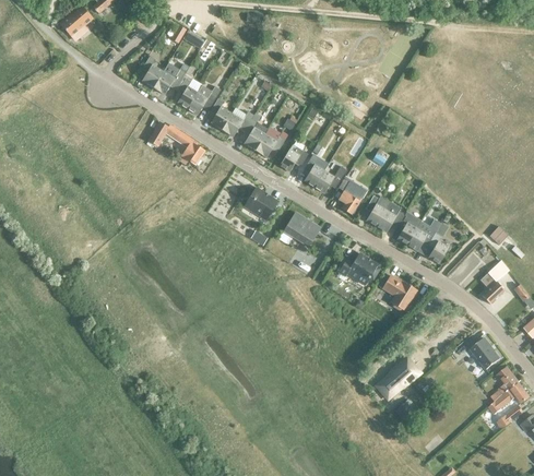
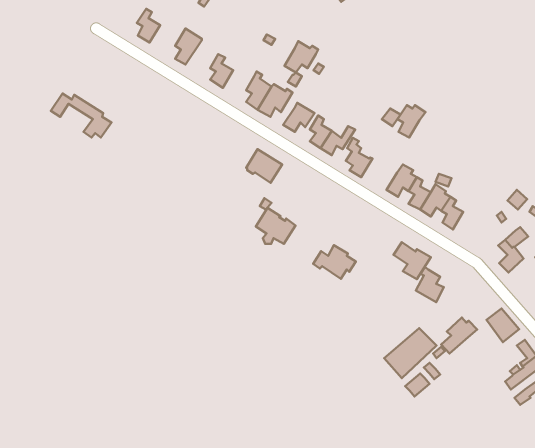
building: [153,62,186,95] -> none
building: [187,85,221,115] -> none
building: [222,107,253,136] -> [284,41,318,73]
building: [147,123,204,165] -> [51,94,111,138]
building: [365,195,391,226] -> [397,105,425,138]
building: [283,213,320,247] -> [256,208,295,244]
building: [339,253,379,285] -> [313,245,356,279]
building: none -> [416,267,444,302]
building: none -> [441,318,477,353]

